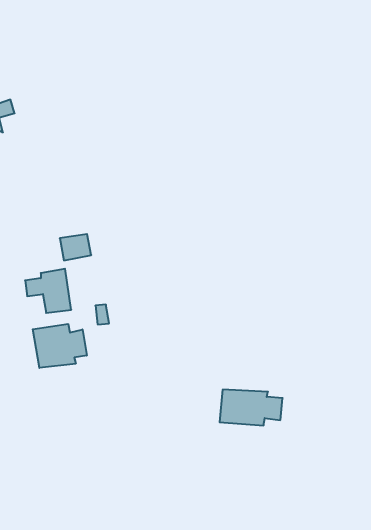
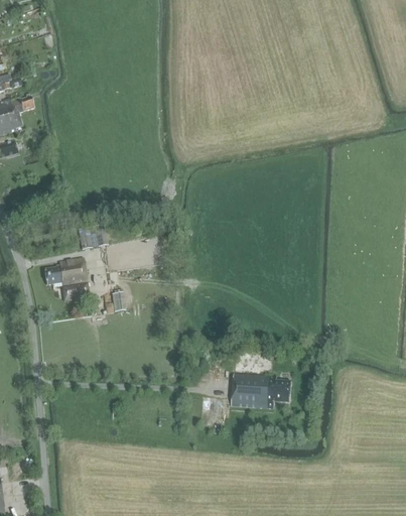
building: [33,324,87,368] -> none

